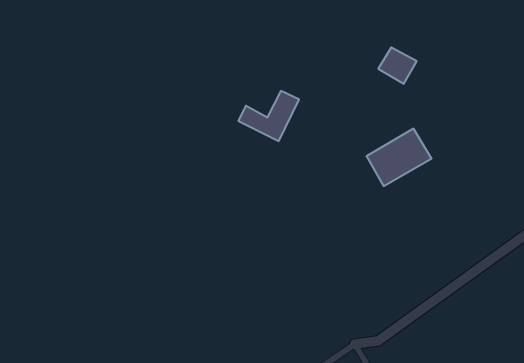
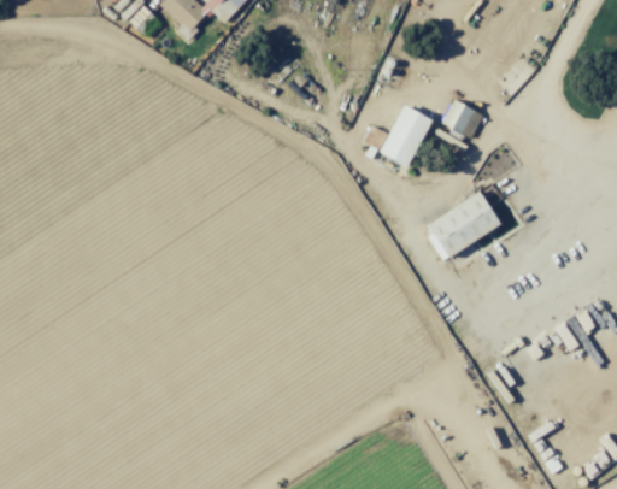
building: [238,91,299,141] -> [363,108,431,165]

